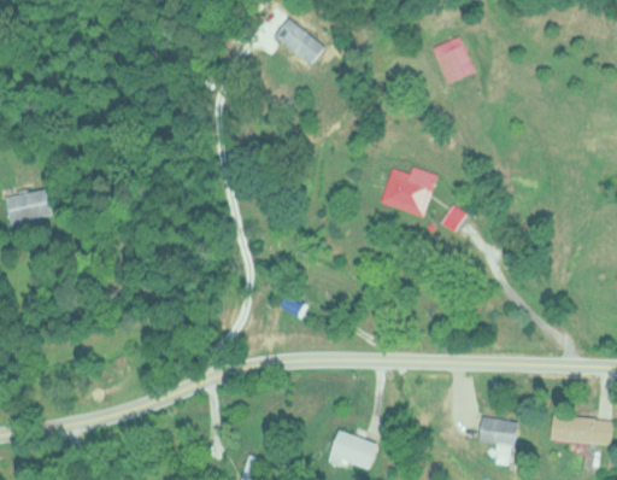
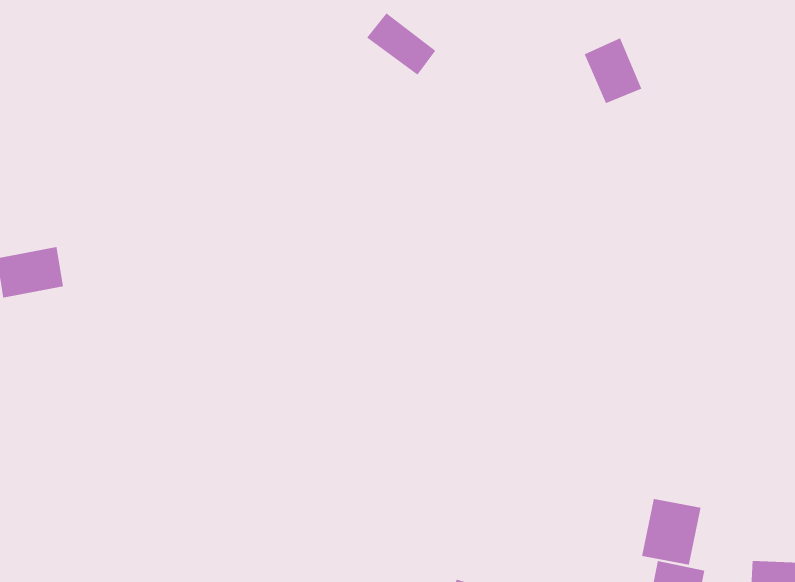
building: [378,168,435,216] -> none
building: none -> [642,498,701,565]

